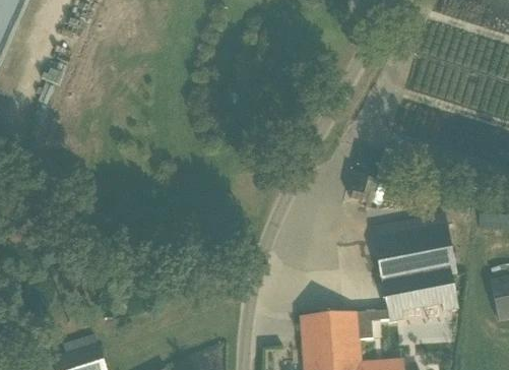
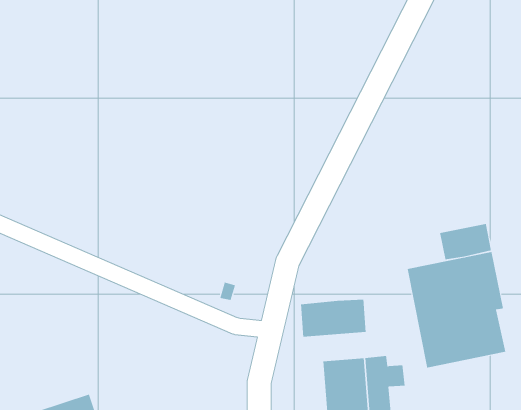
building: none -> [440,223,492,260]
building: none -> [300,299,366,337]

